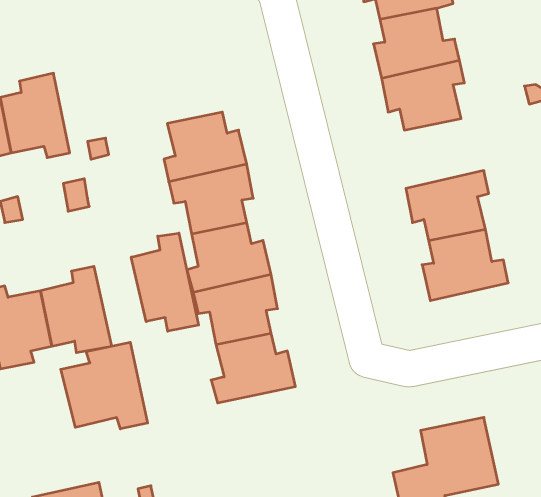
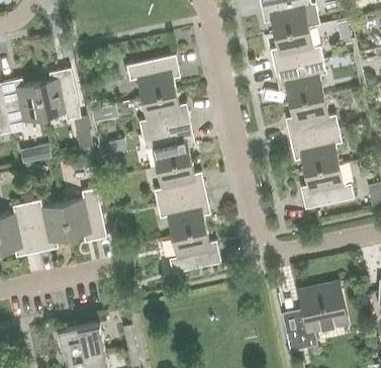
building: none -> [126,55,180,99]
building: none -> [285,96,339,140]
building: [131,233,199,331] -> none
building: [61,342,148,429] -> none

